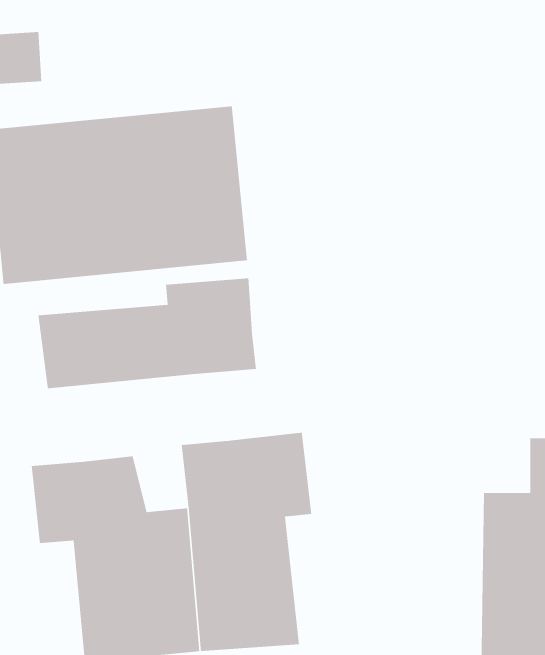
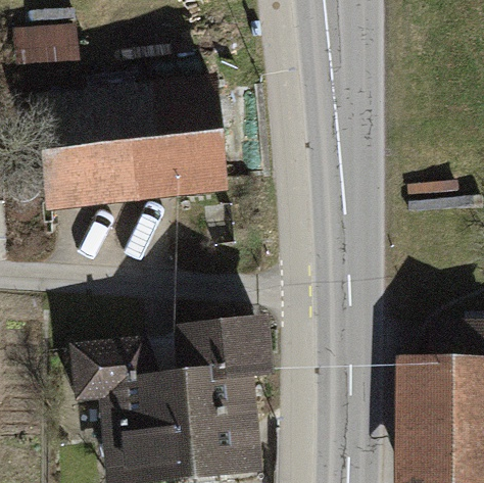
building: [38,278,257,389] -> none

